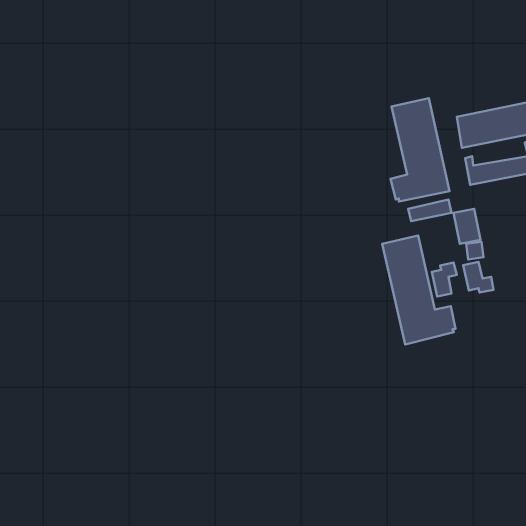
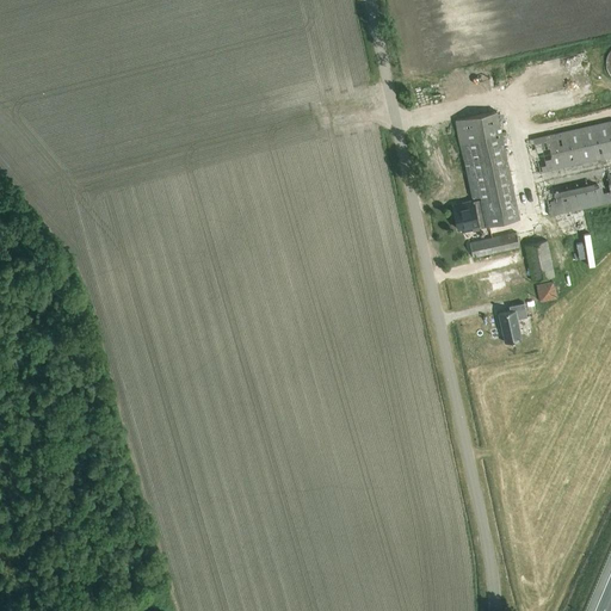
building: [382,236,456,344] -> none
building: [463,262,494,293] -> none

